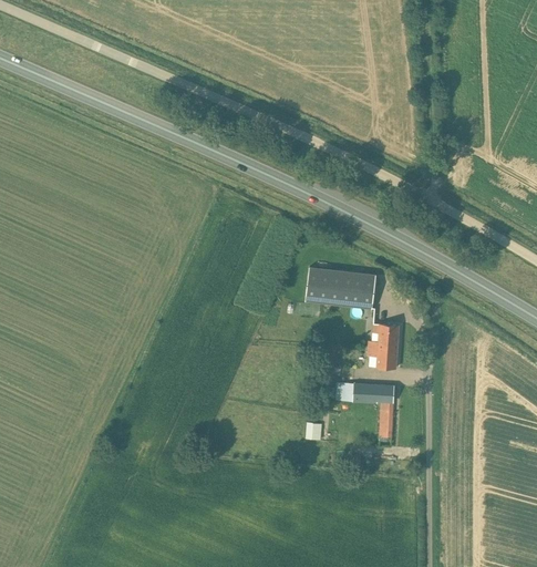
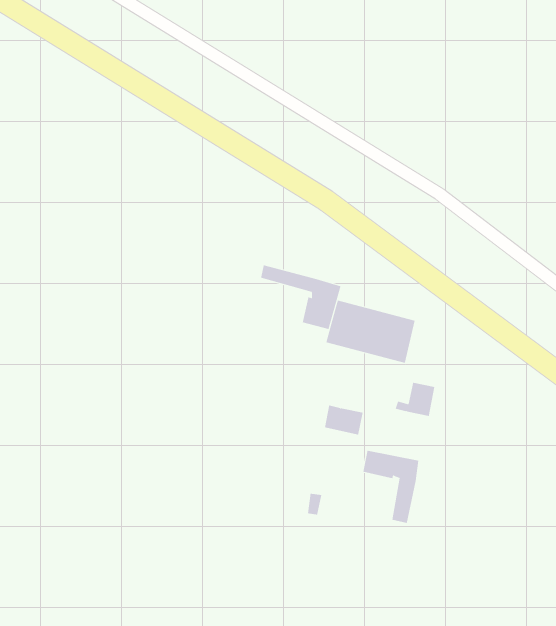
building: none -> [261,264,341,330]
building: [368,347,397,368] -> [324,405,363,435]

